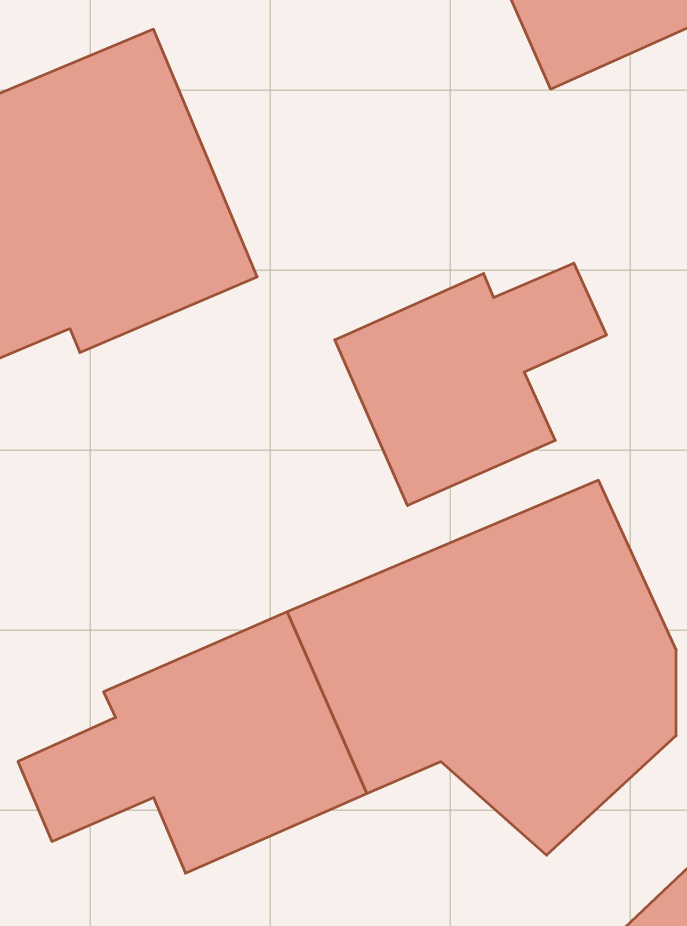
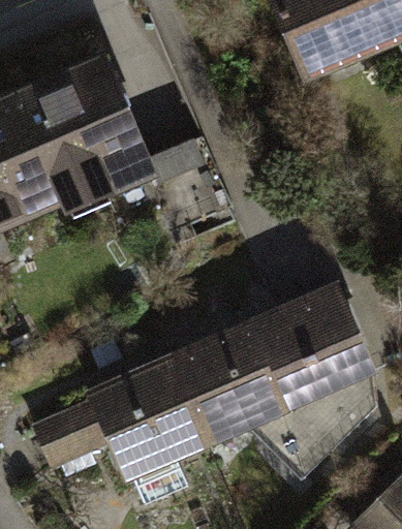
building: [335,263,606,506] -> none

